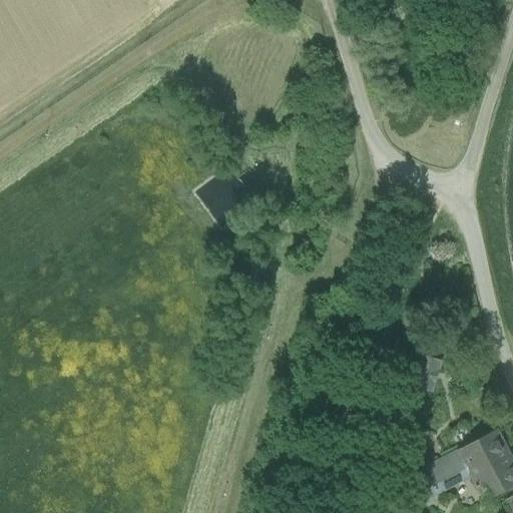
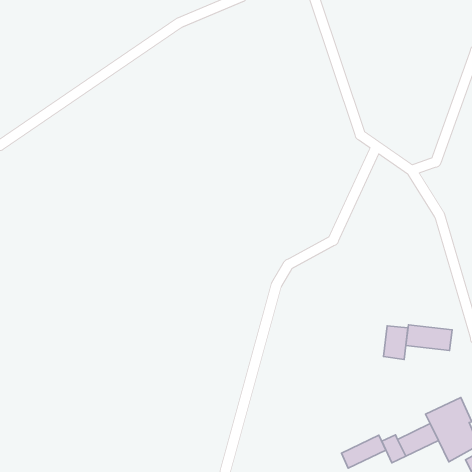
building: none -> [406,325,452,351]
building: none -> [342,435,386,468]

